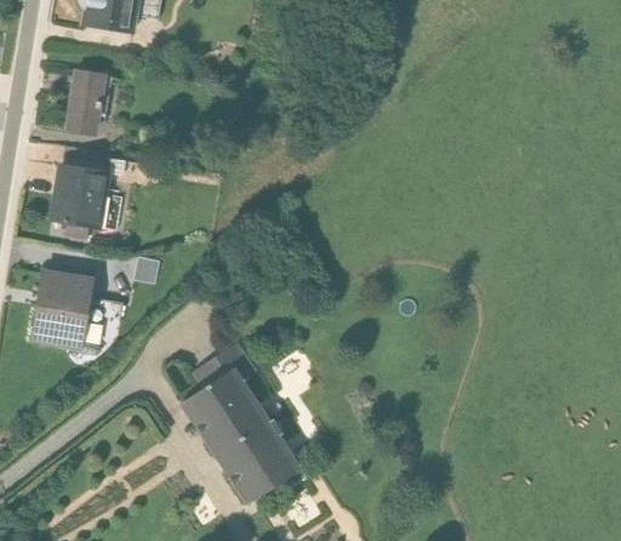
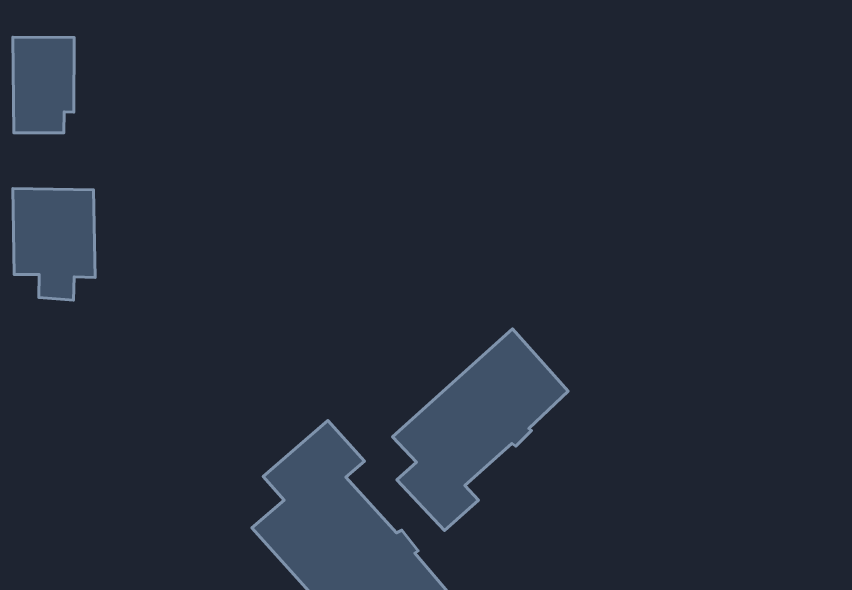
building: [38,270,101,353] -> none
building: none -> [393,329,568,531]

